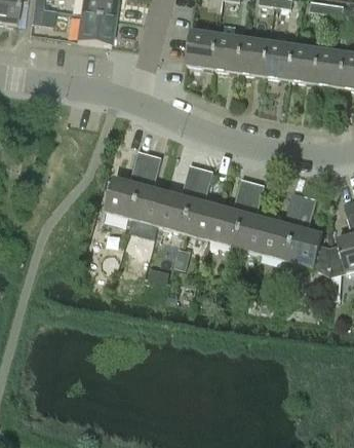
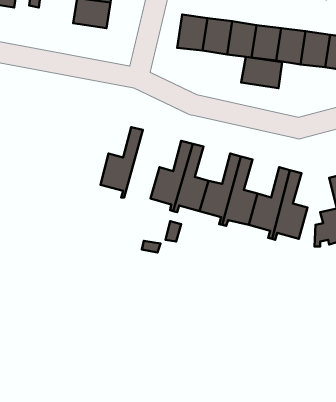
building: none -> [241,57,282,88]
building: [130,152,167,225] -> none

